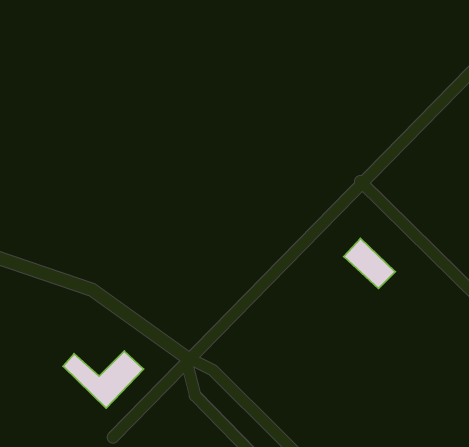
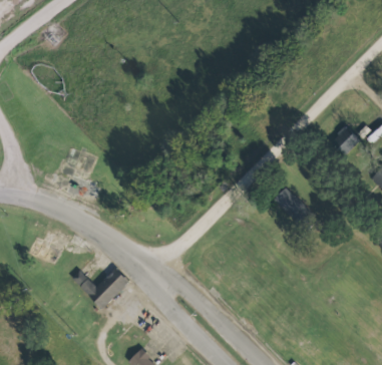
building: none -> [331,127,359,156]

